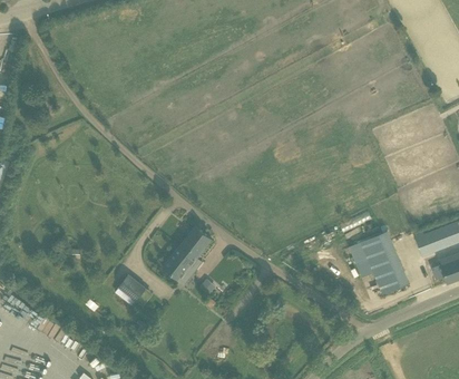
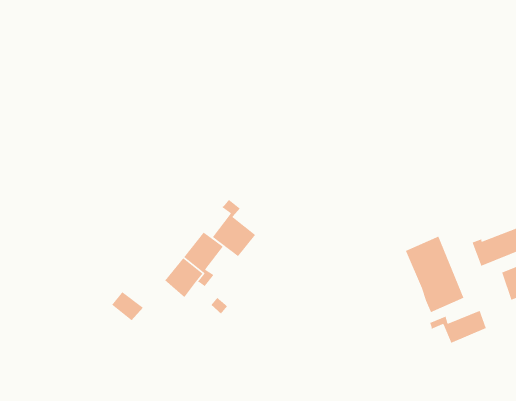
building: none -> [212,199,256,257]
building: none -> [429,310,487,344]

